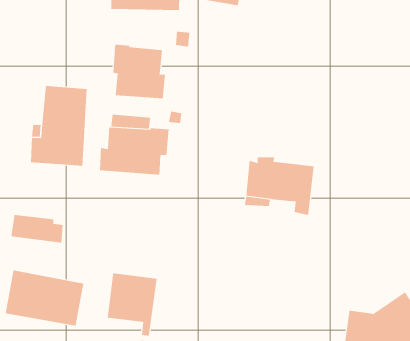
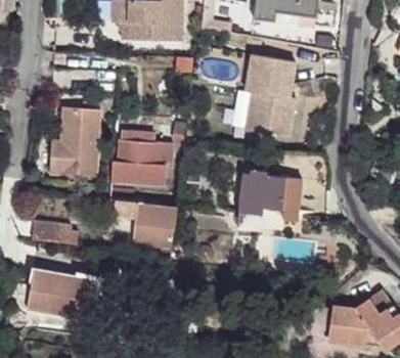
building: none -> [246,53,296,137]
building: [113,44,166,99] -> none
building: [107,273,157,336] -> [131,204,176,260]

